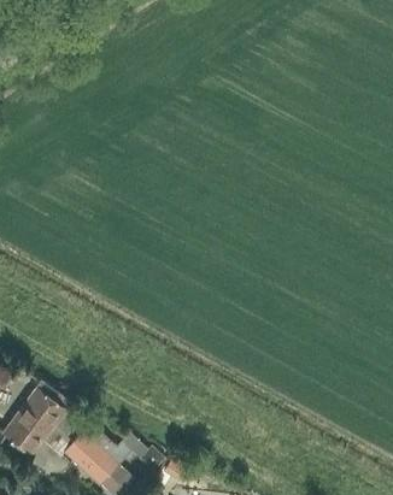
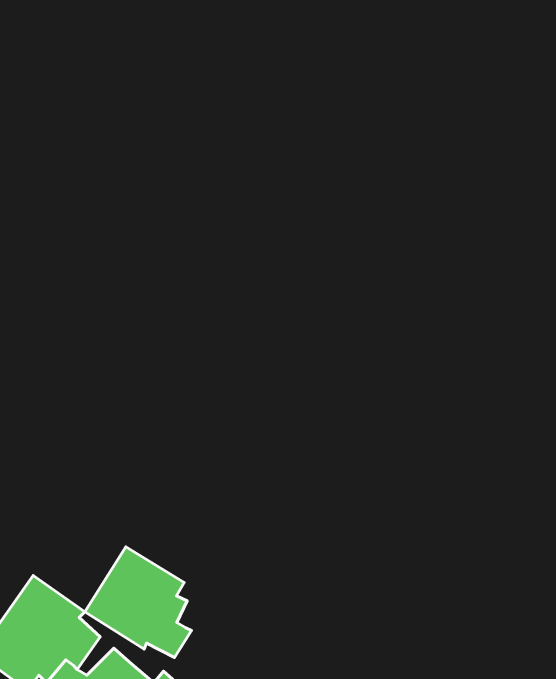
building: none -> [85,547,191,657]

